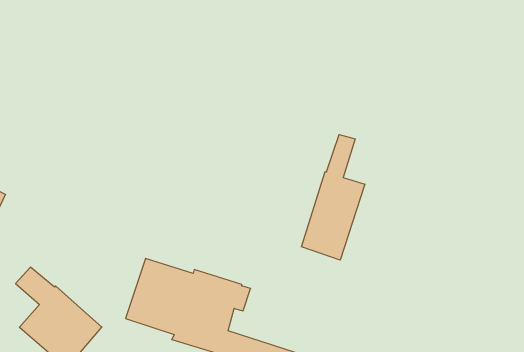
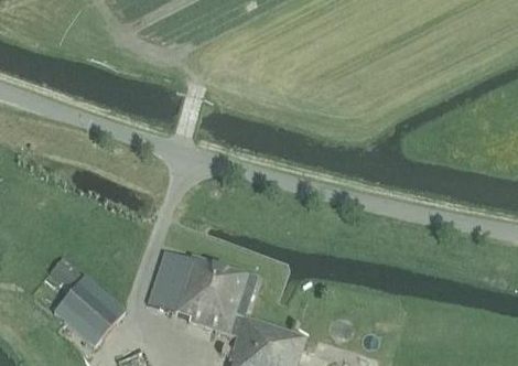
building: [302,135,365,260] -> none

